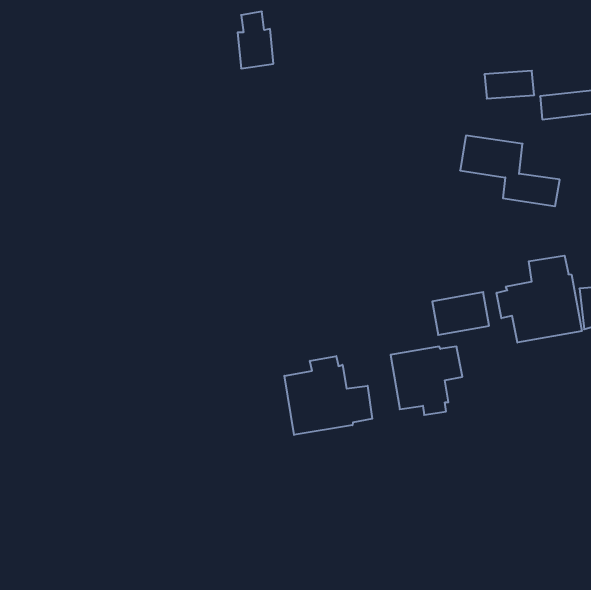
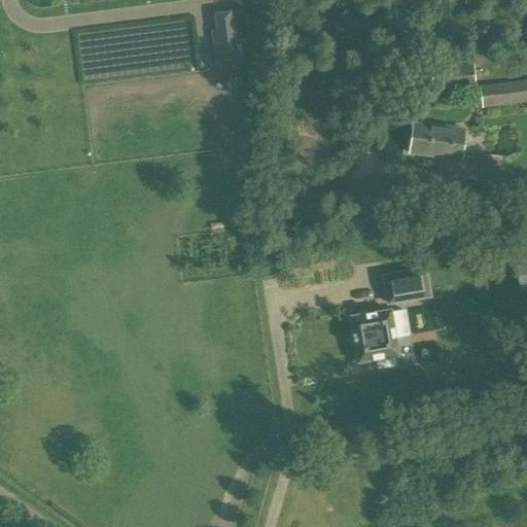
building: [497,256,582,343] -> none
building: [284,356,372,435] -> none

